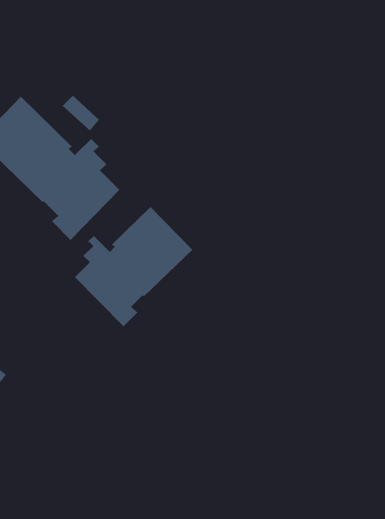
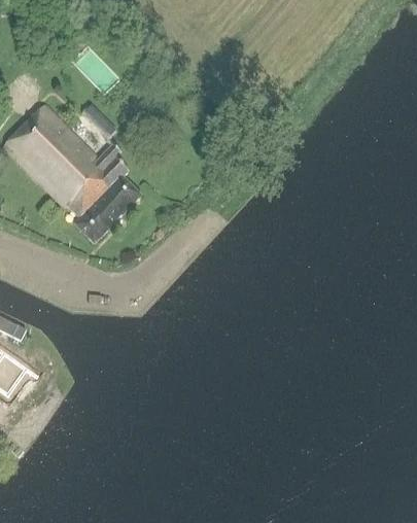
building: [74,206,193,327] -> none

